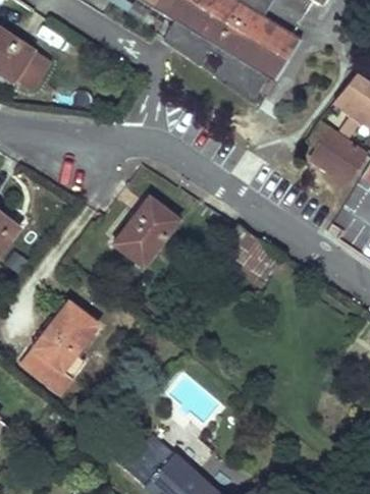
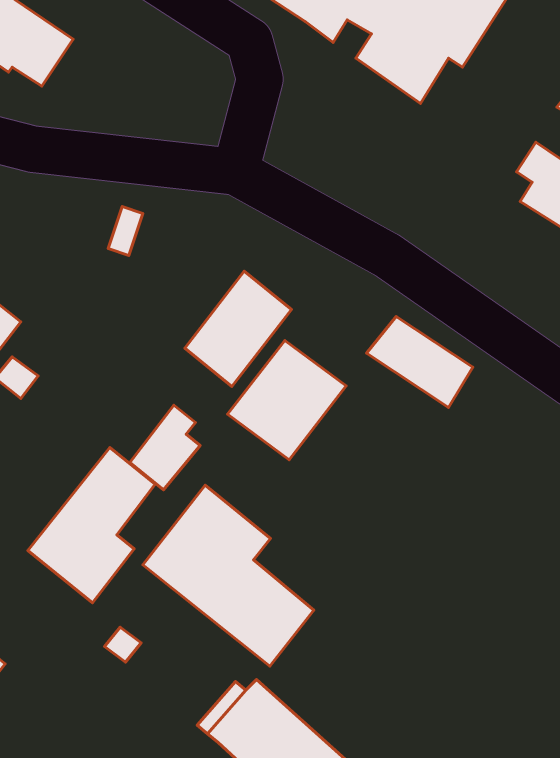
building: none -> [228,340,346,460]
building: none -> [130,405,200,490]
building: none -> [143,485,314,666]

